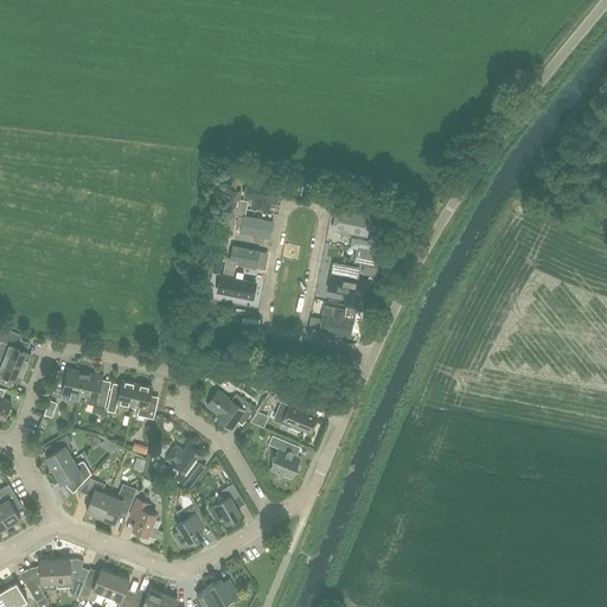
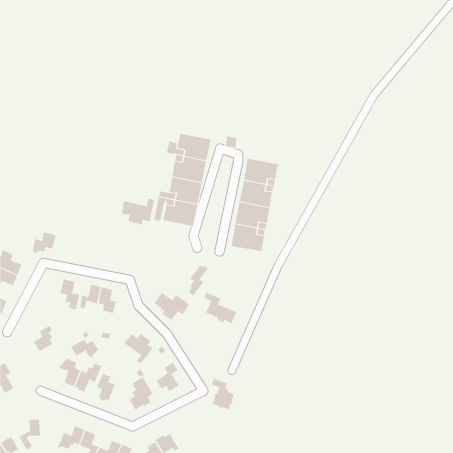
building: none -> [122,198,154,225]
building: none -> [188,264,209,296]
building: [51,369,84,398] -> [32,232,57,254]
building: [267,436,299,479] -> [211,378,235,410]
building: [52,460,90,486] -> [70,339,99,358]
building: [53,558,84,601] -> none

